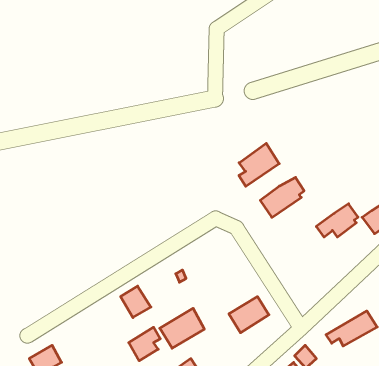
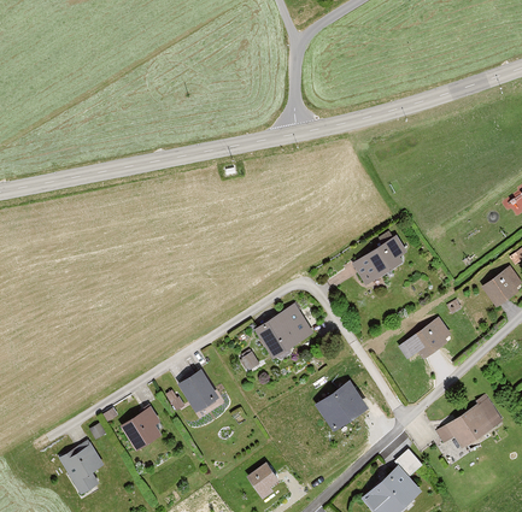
building: [239,143,279,186] -> none
building: [316,204,358,237] -> [400,316,453,358]
building: [160,308,204,348] -> [253,305,310,355]
building: [129,327,160,361] -> [119,407,159,449]

